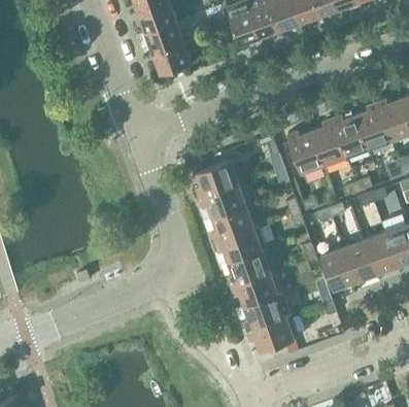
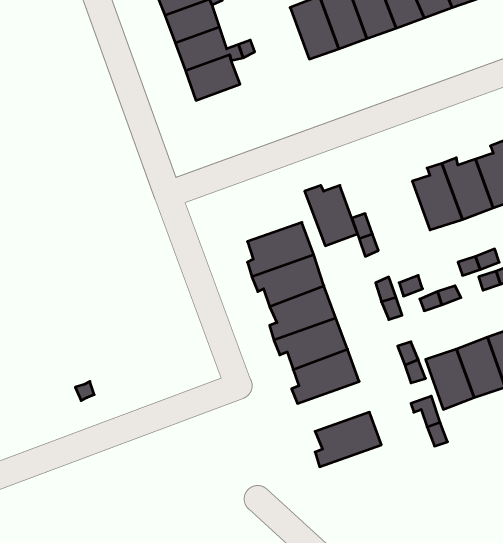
building: [285,132,322,174] -> [305,185,358,246]
building: [230,272,280,307] -> none
building: [245,316,297,352] -> none

